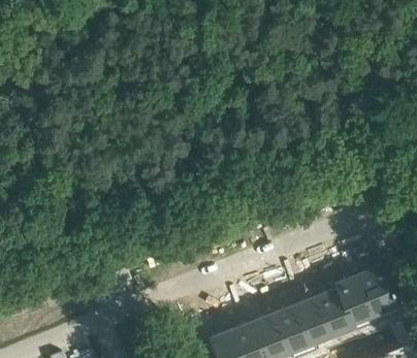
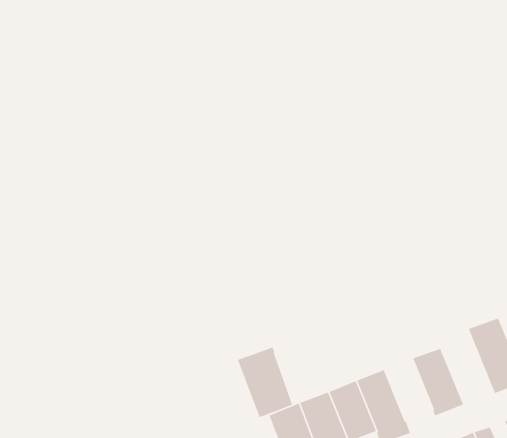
building: [335,272,378,330] -> none
building: none -> [237,346,293,418]
building: [296,294,332,340] -> none

